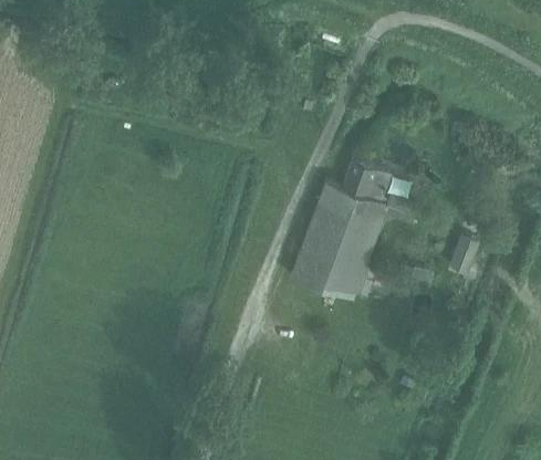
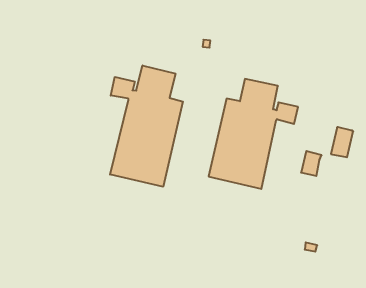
building: none -> [110,65,183,187]

